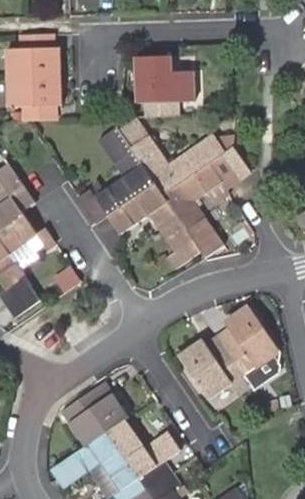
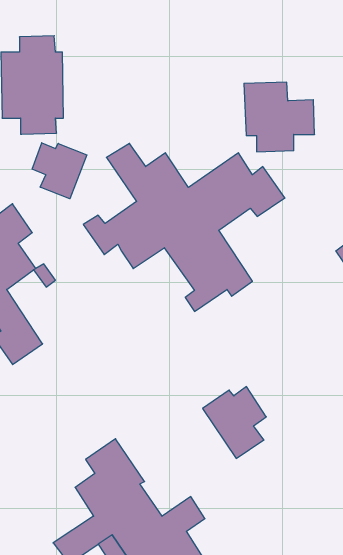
building: [133,54,194,114] -> [244,82,315,152]
building: none -> [32,143,87,199]
building: [217,306,278,388] -> none

